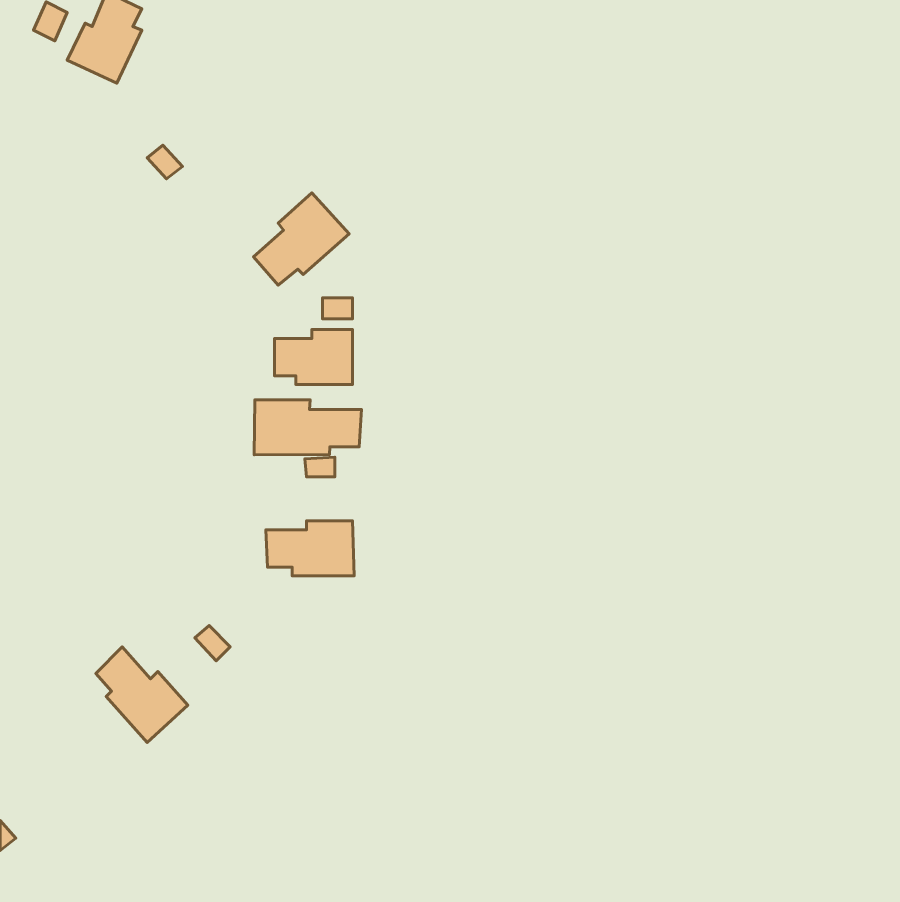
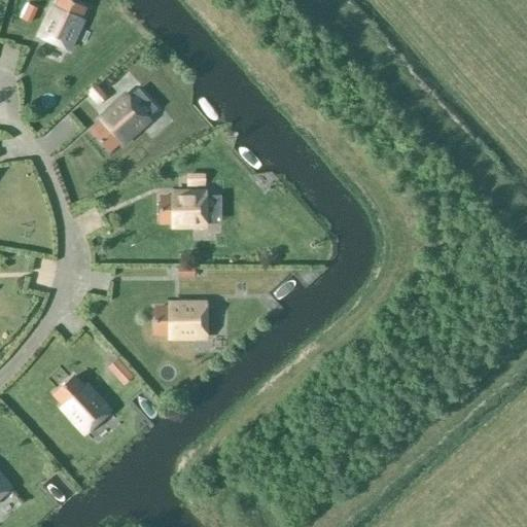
building: [253,193,349,285] -> [96,94,151,147]
building: [254,400,362,455] -> none

